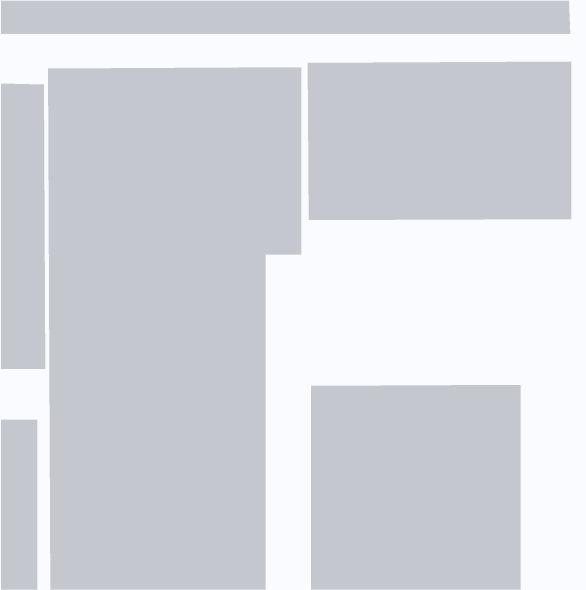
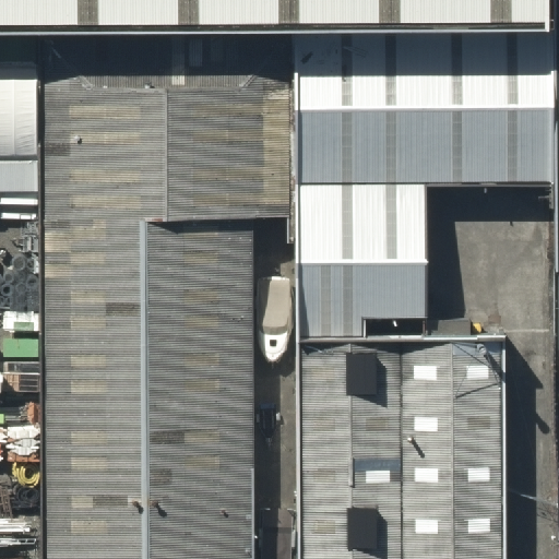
building: none -> [295,212,424,356]

